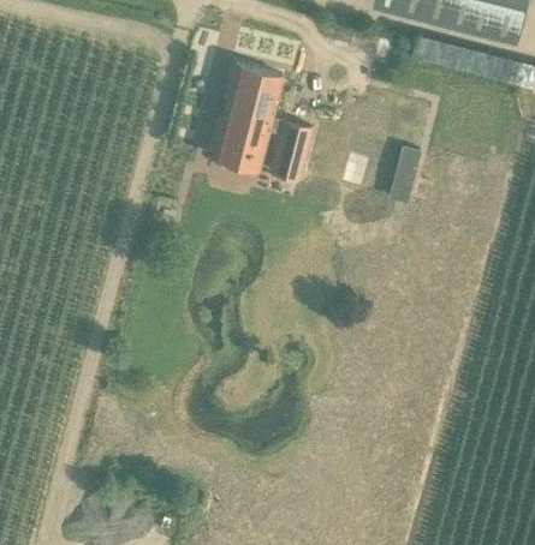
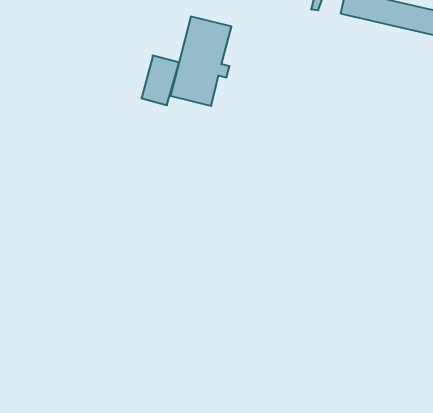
building: [268,118,313,176] -> [141,55,179,105]
building: [387,143,421,198] -> none

